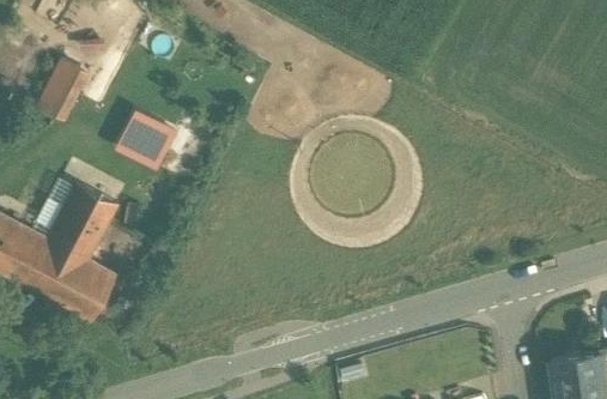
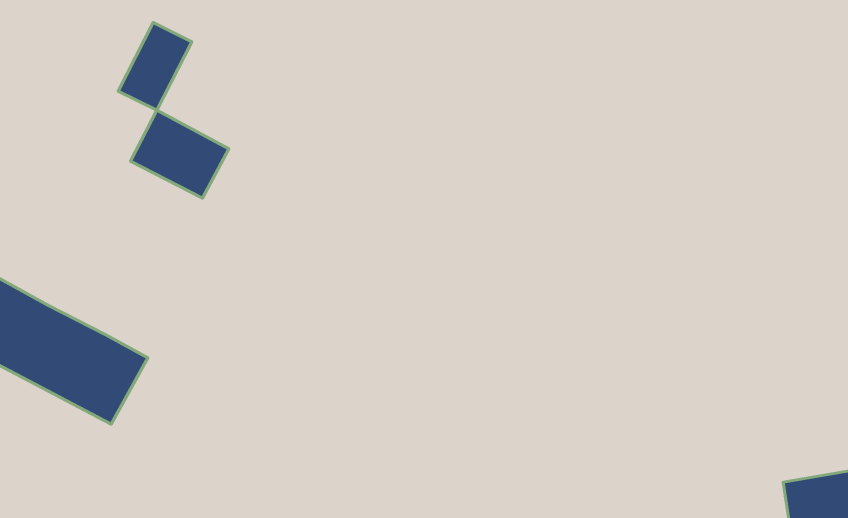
building: [38,60,89,120] -> [118,23,192,110]
building: [48,183,116,259] -> none

